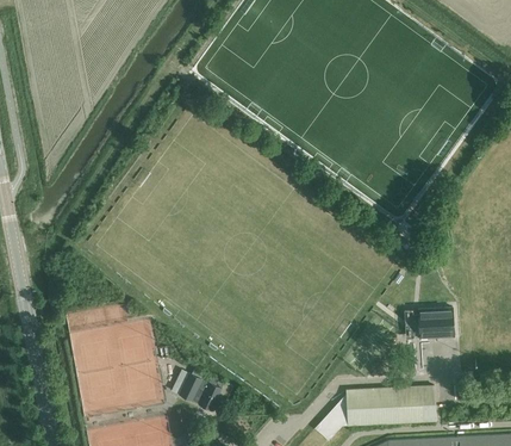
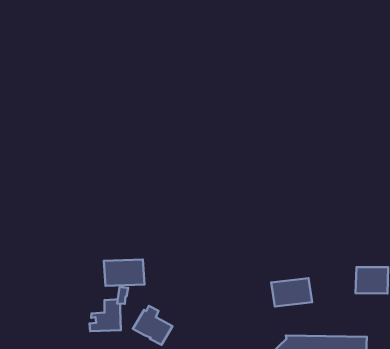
building: none -> [104,260,145,286]
building: none -> [271,278,312,307]

